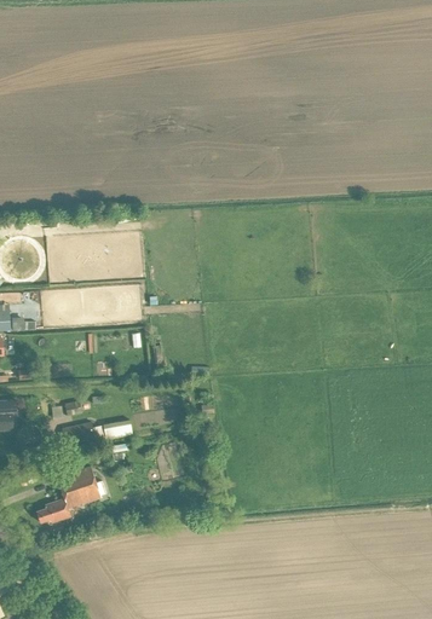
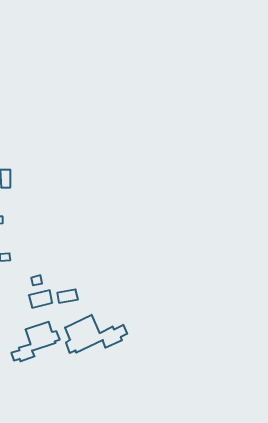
building: none -> [65,315,127,353]

